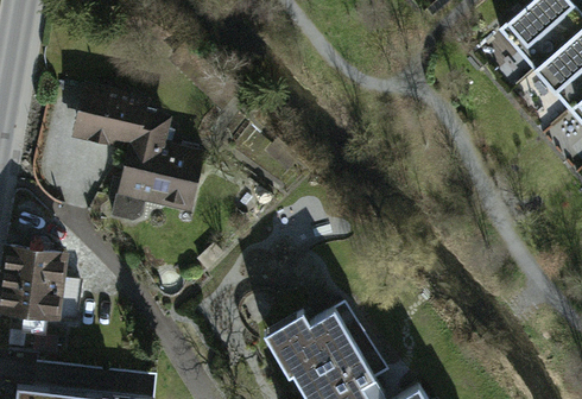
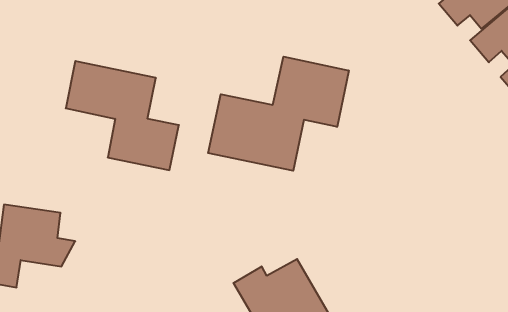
building: none -> [208,57,349,171]

